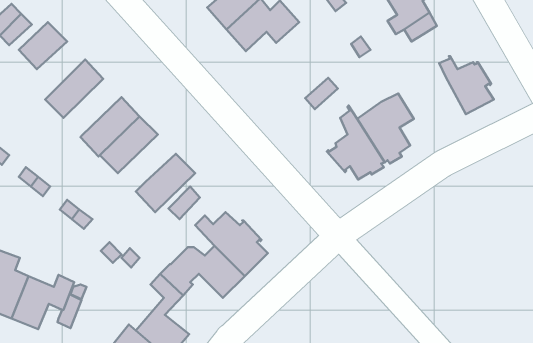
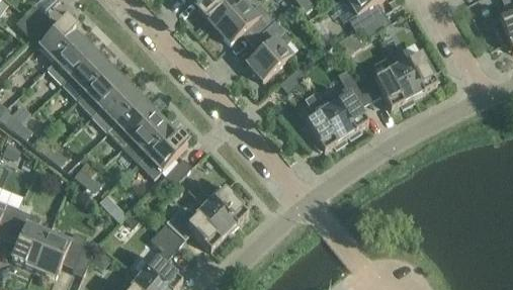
building: none -> [246,19,291,80]
building: none -> [46,35,95,84]
building: none -> [357,65,414,109]
building: none -> [77,67,125,114]
building: none -> [122,113,171,161]

